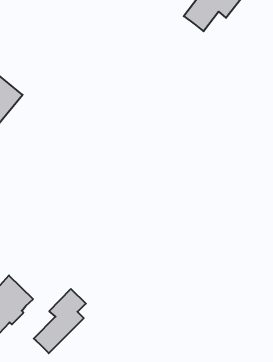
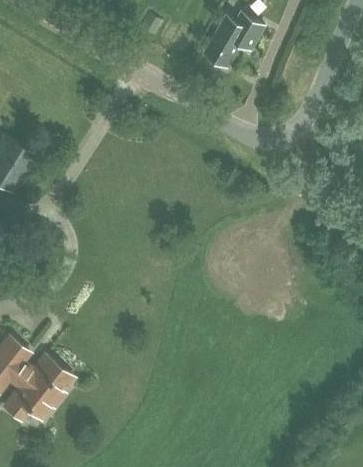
building: [34,289,86,353] -> none

